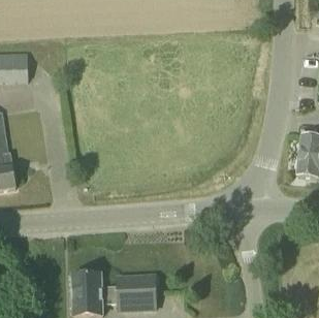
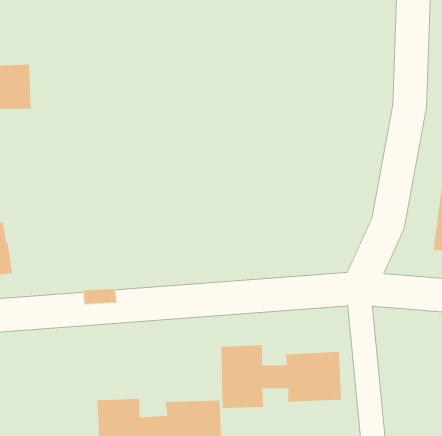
building: none -> [221,345,341,409]

